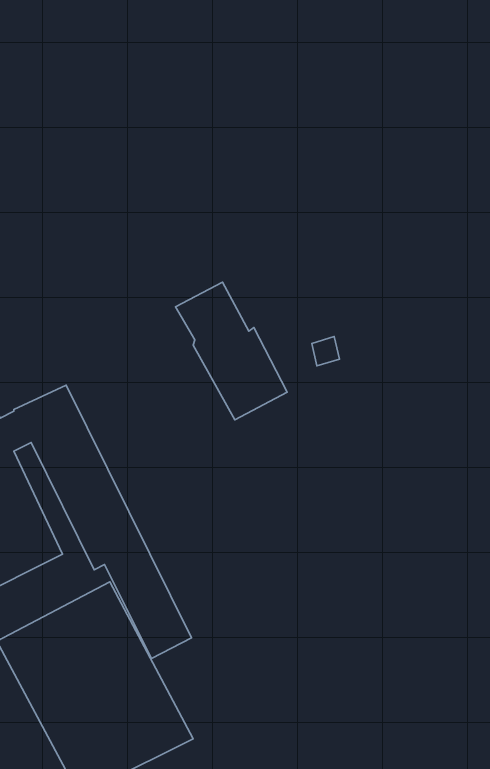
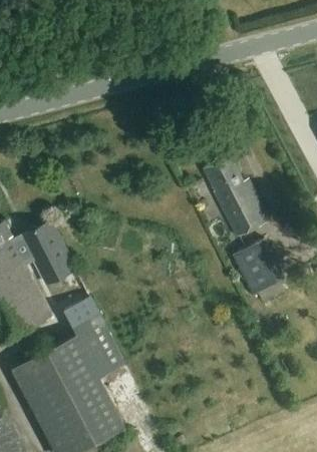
building: [176,282,287,420] -> [204,156,268,236]
building: none -> [234,240,286,296]

